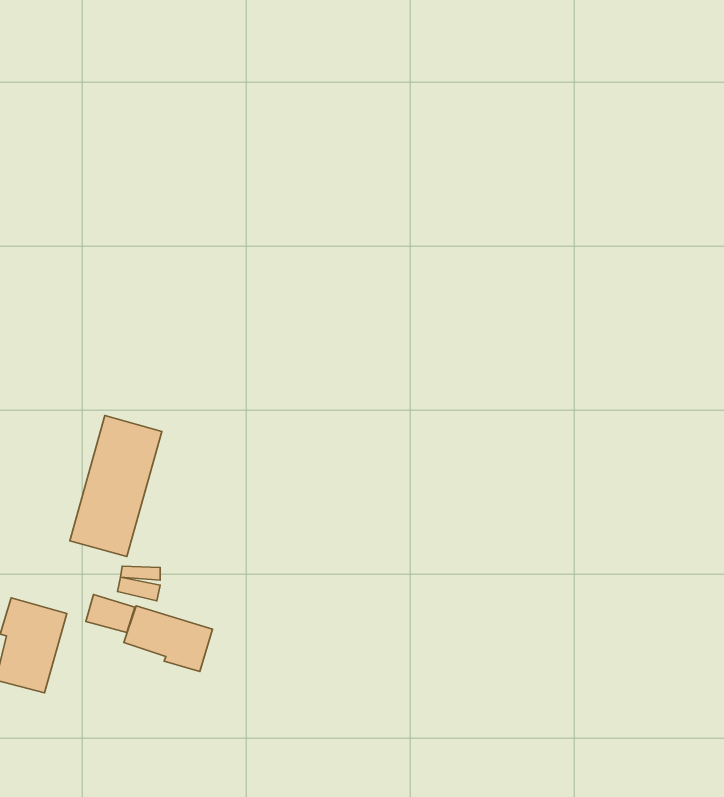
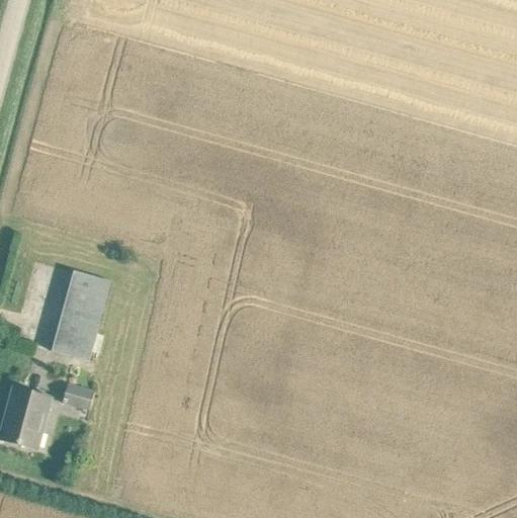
building: [124,606,212,671] -> none

